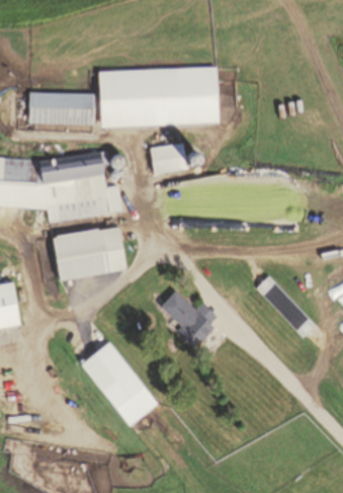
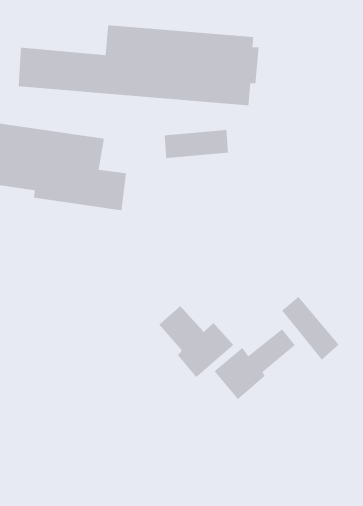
building: [49,226,123,280] -> none
building: none -> [214,328,296,400]
building: [78,339,160,427] -> none

